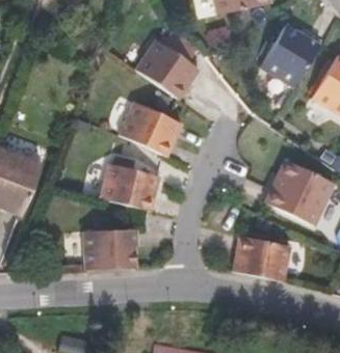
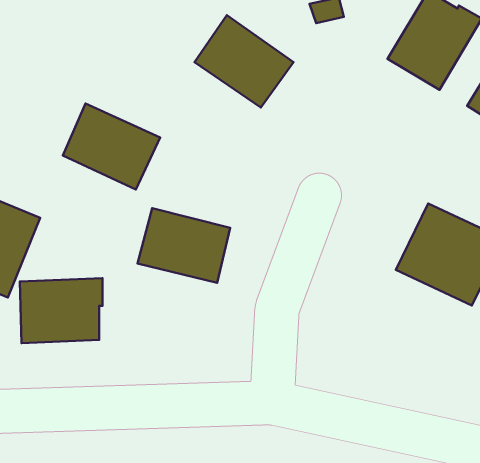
building: [120,101,182,156] -> [63,103,160,189]
building: [84,227,137,269] -> [20,278,103,343]
building: [233,235,291,280] -> none

